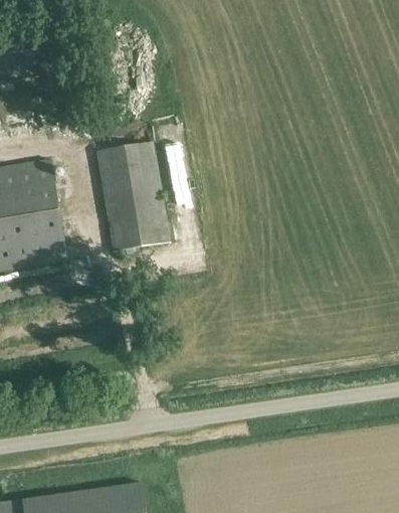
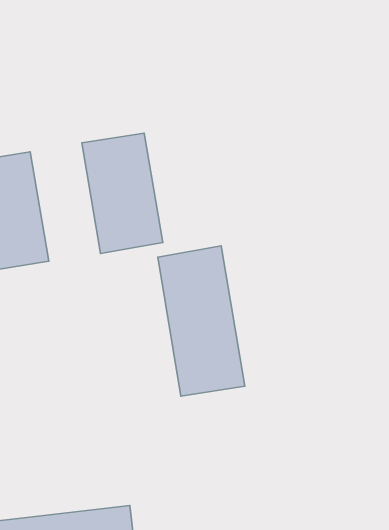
building: none -> [158,246,245,396]

